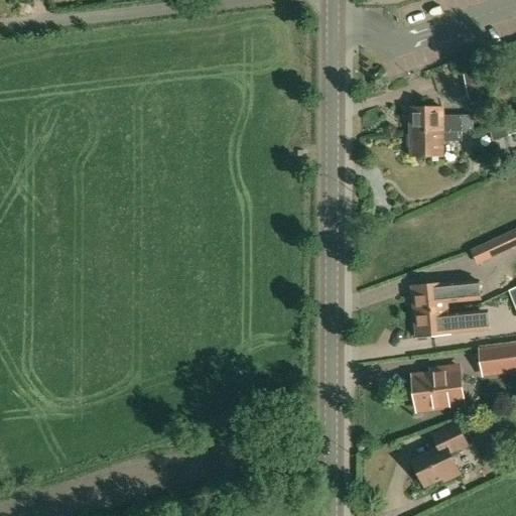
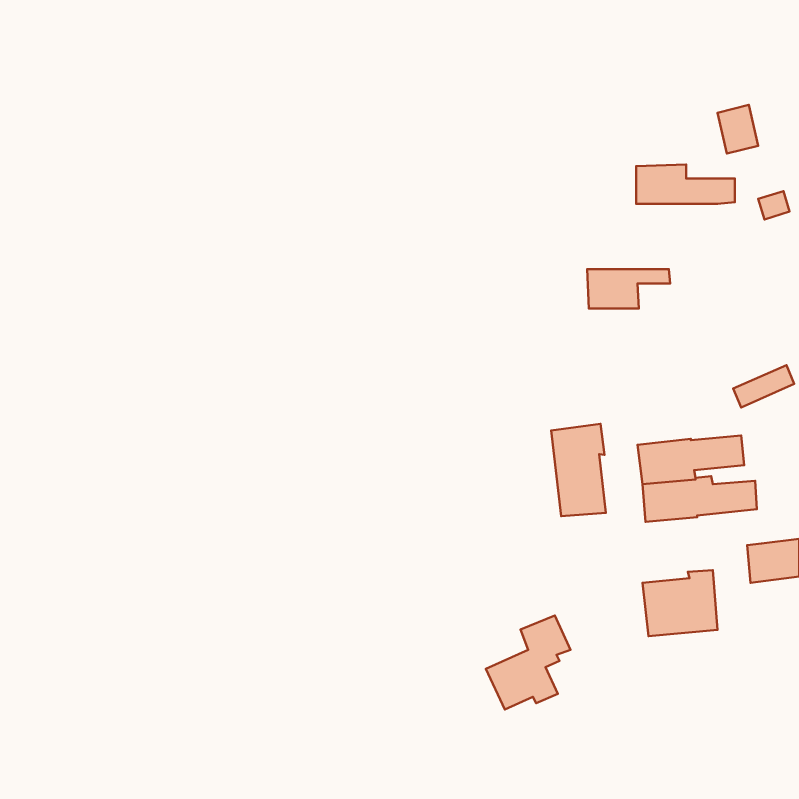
building: [409,131,463,156] -> [587,269,670,308]
building: none -> [551,424,606,516]
building: [410,424,465,485] -> [486,616,570,710]

